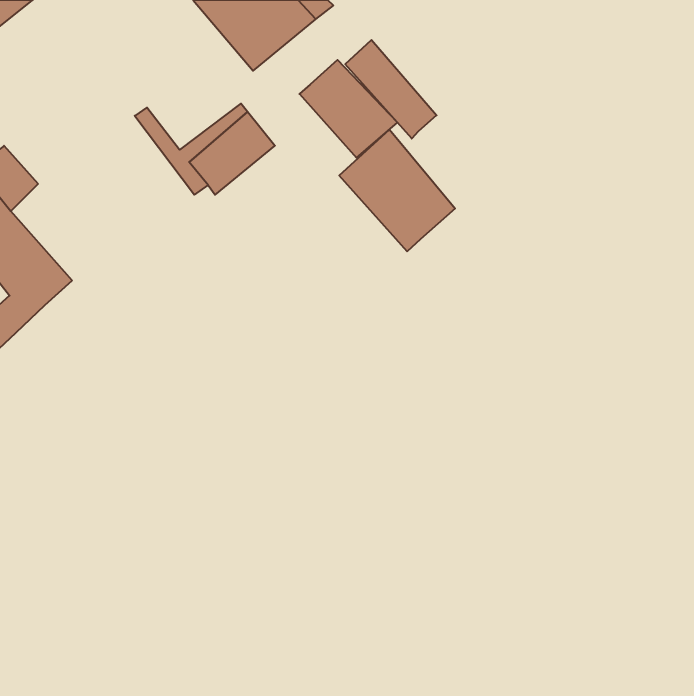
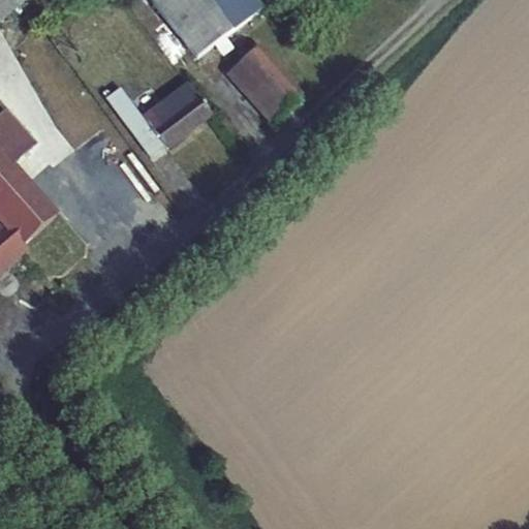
building: [345,40,437,139] -> none
building: [339,129,455,251] -> none

